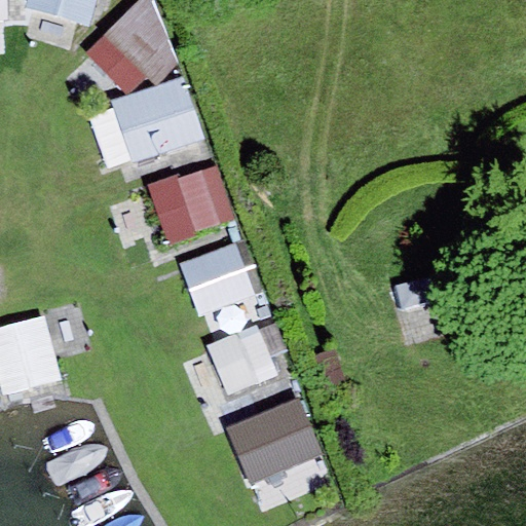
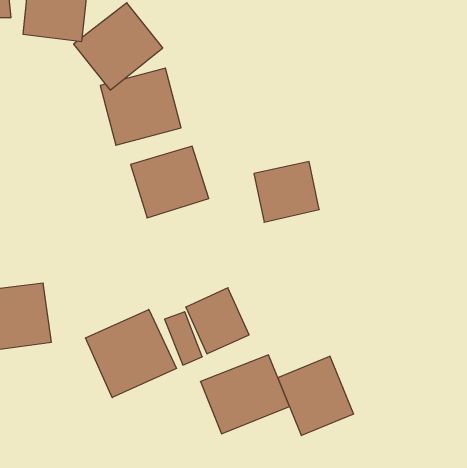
building: [181,245,254,312] -> [254,162,319,222]
building: none -> [85,309,177,398]
building: none -> [278,356,354,436]

